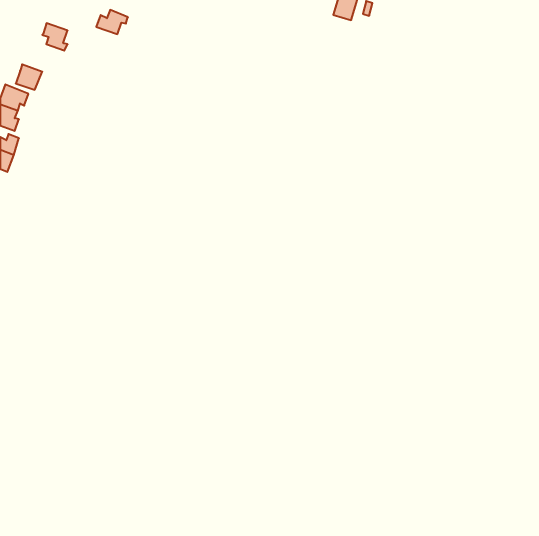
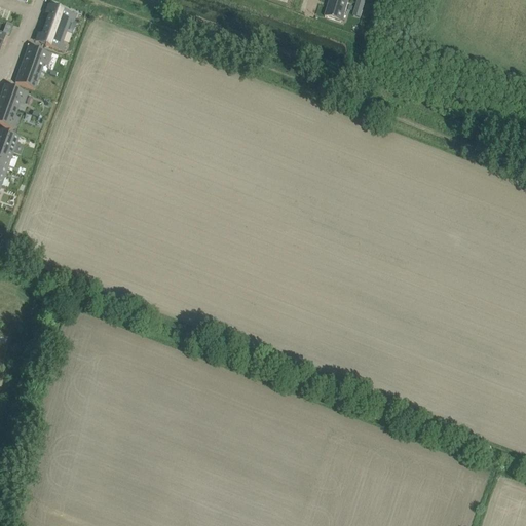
building: [96,10,128,34] -> [45,6,76,30]
building: none -> [22,44,51,70]

